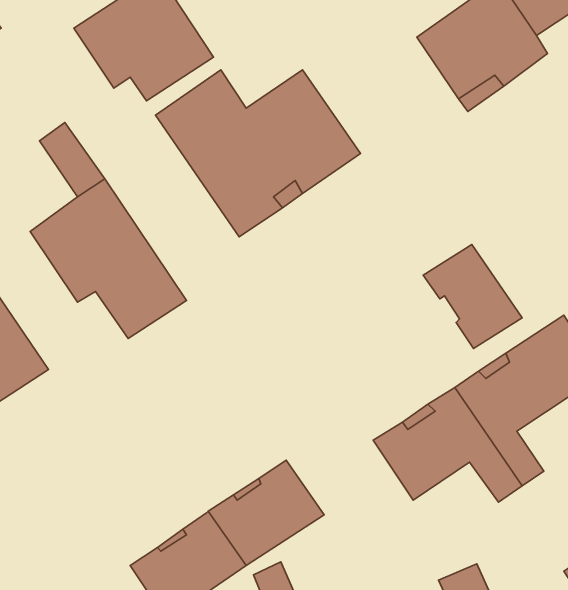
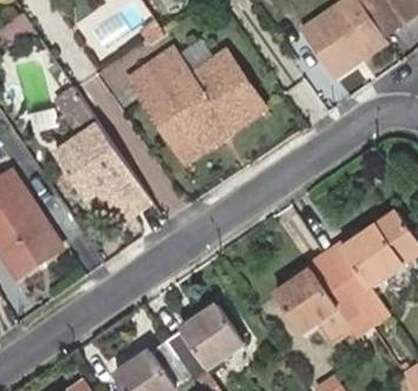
building: [423,244,522,349] -> none

